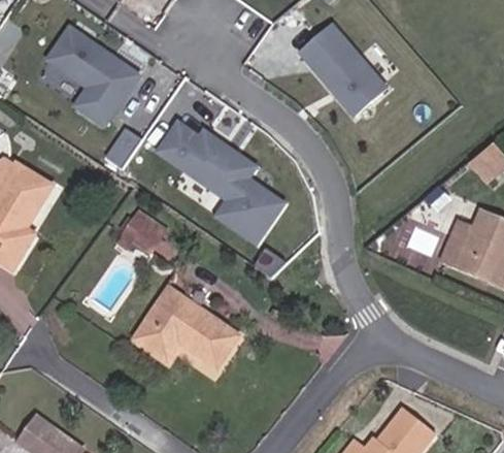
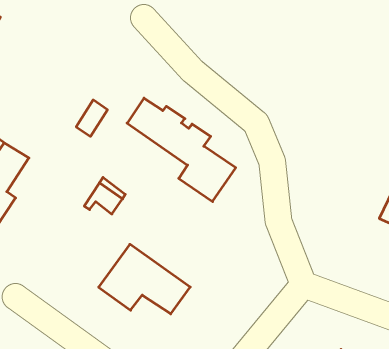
building: [301,23,389,114] -> none
building: [47,27,141,127] -> none

